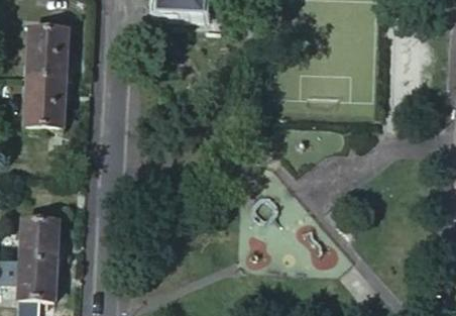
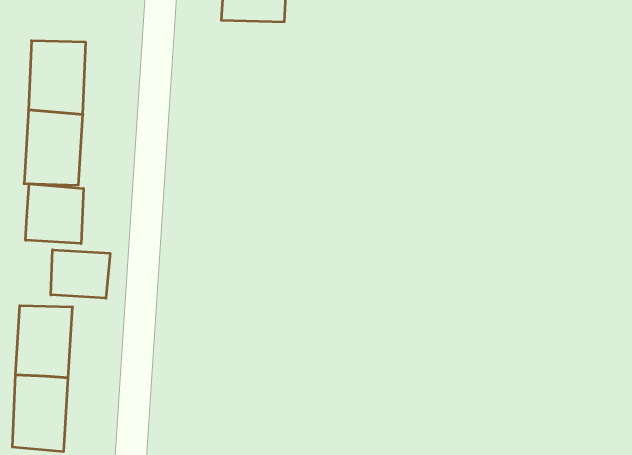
building: none -> [26,184,83,244]
building: none -> [51,250,110,298]

